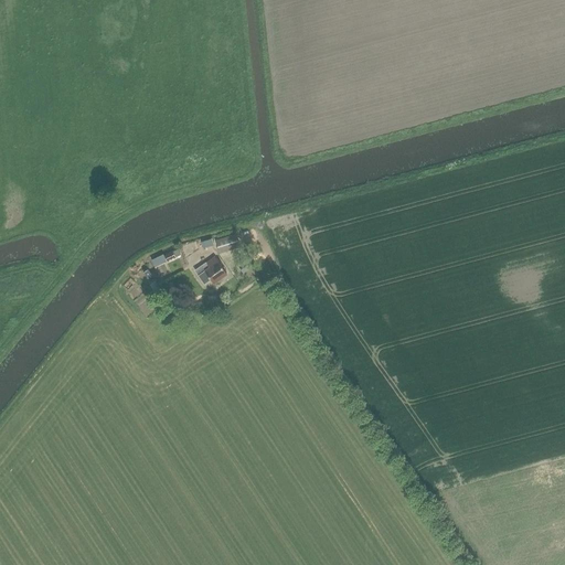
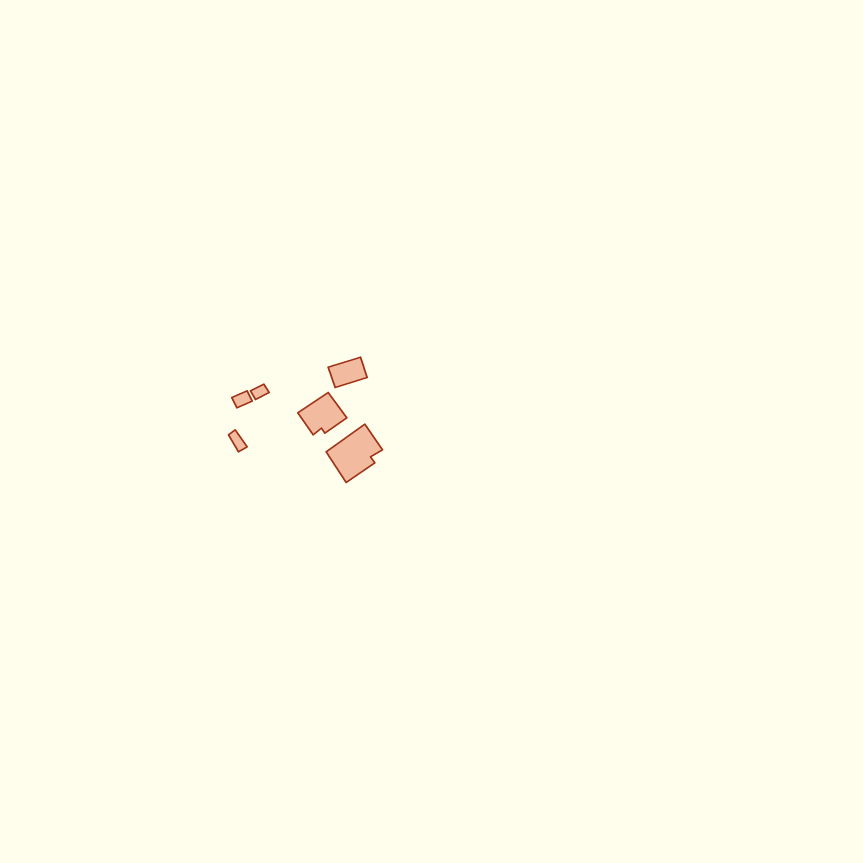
building: none -> [326,424,383,483]

